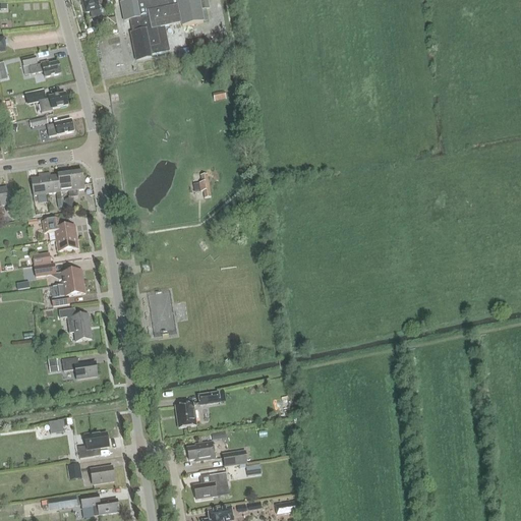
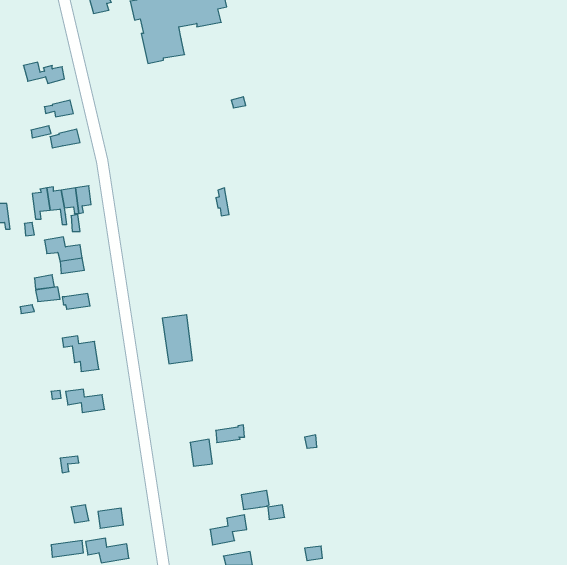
building: [49,280,83,305] -> none
building: [76,431,108,457] -> none
building: [185,441,214,460] -> none

